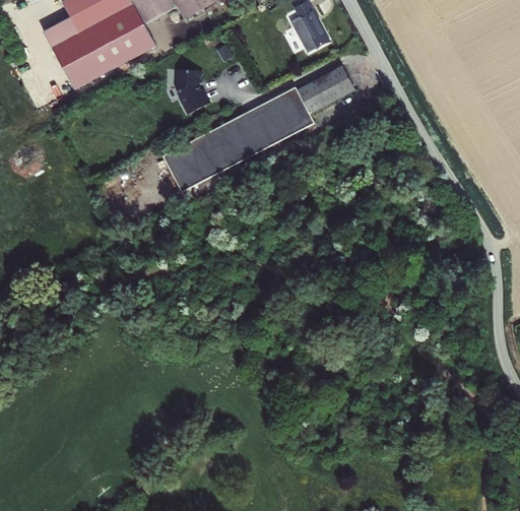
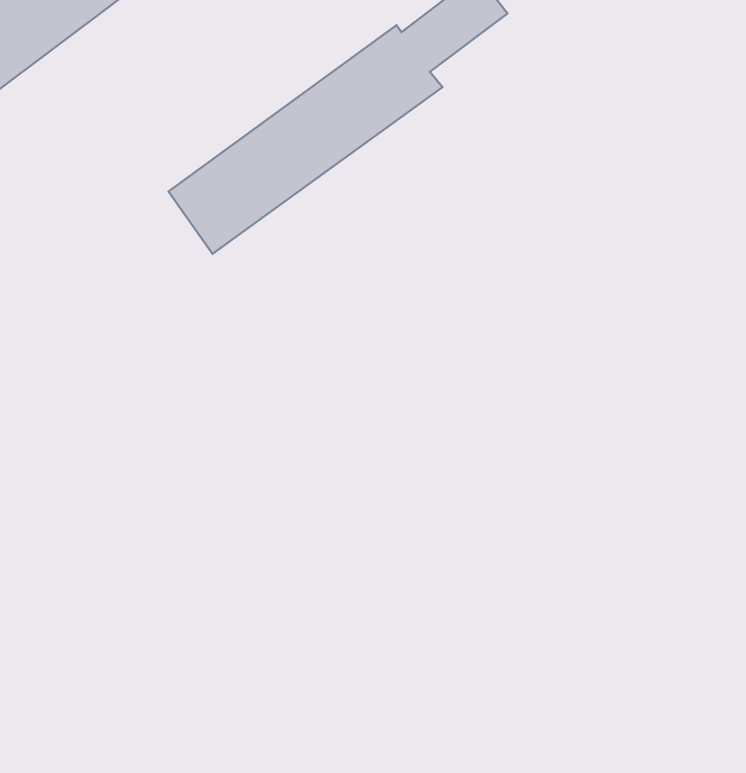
building: [177,67,209,113] -> none

